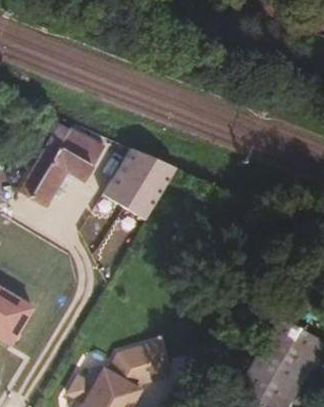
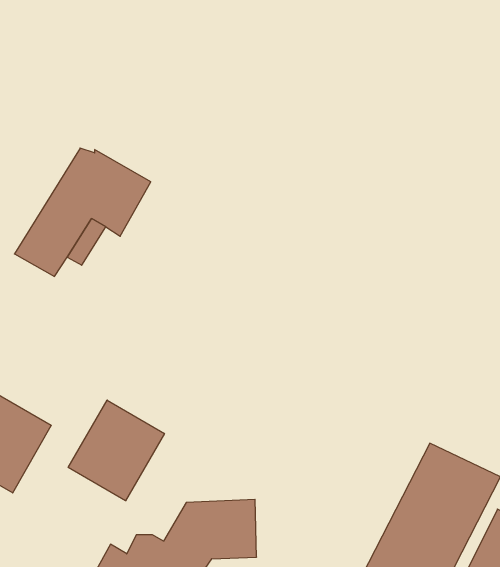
building: [103,150,178,224] -> none
building: none -> [68,400,164,501]

